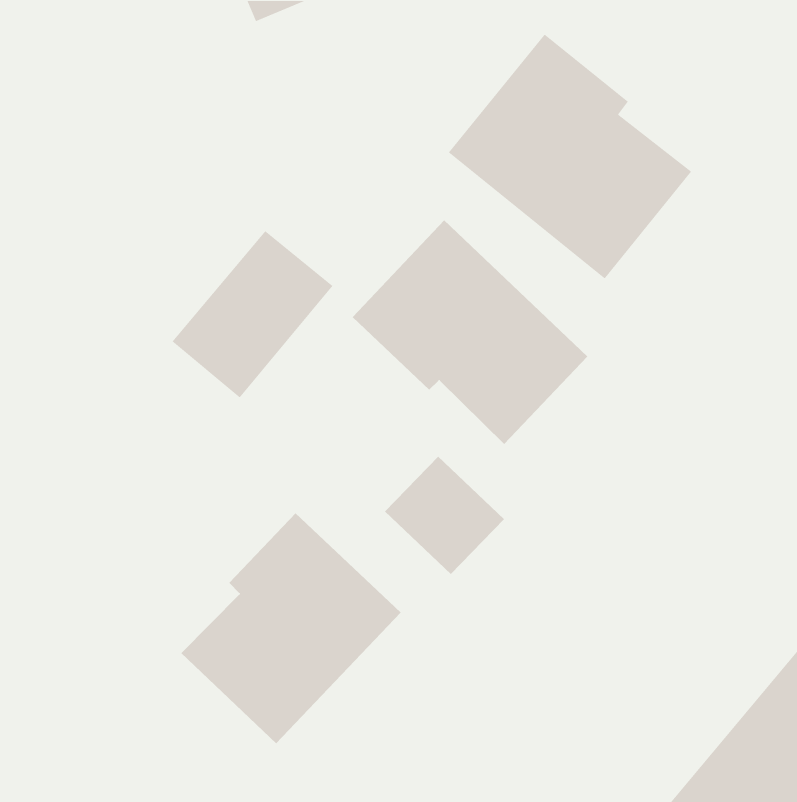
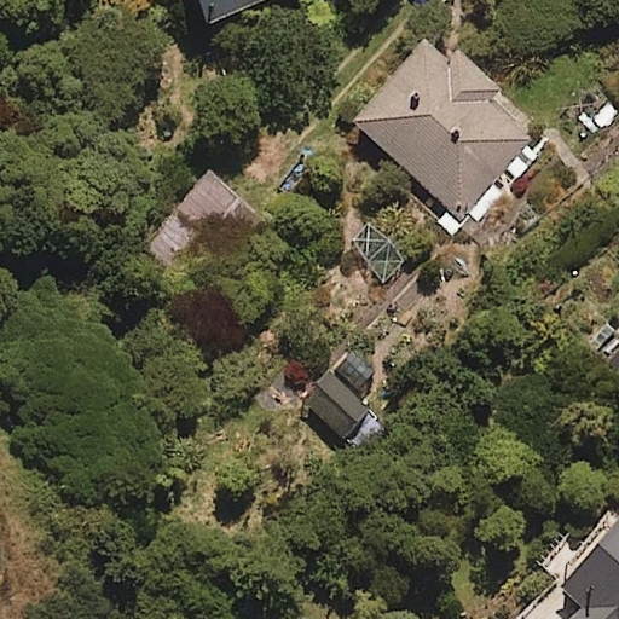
building: [352,219,588,445] -> none
building: [181,512,401,744] -> none

